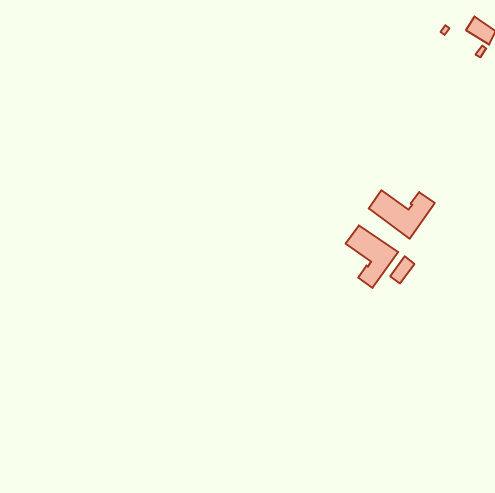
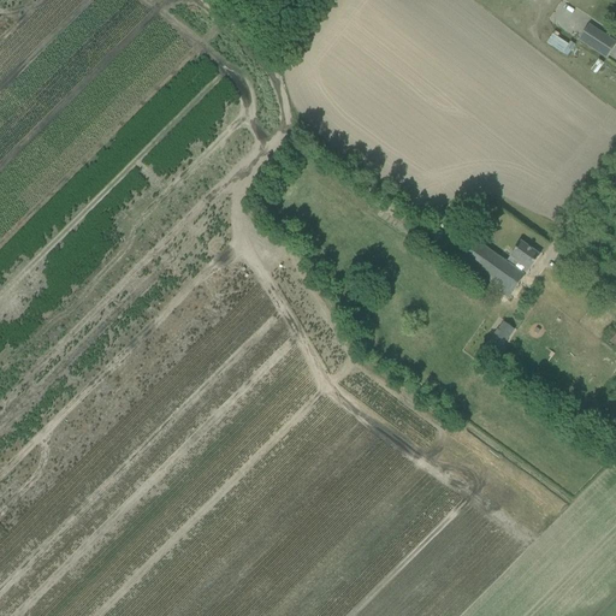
building: [346,225,398,288] -> none

